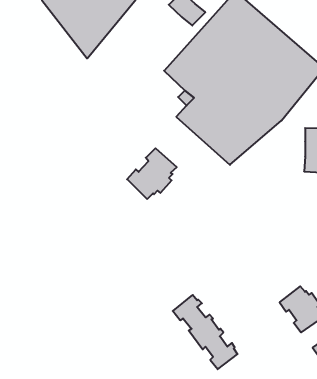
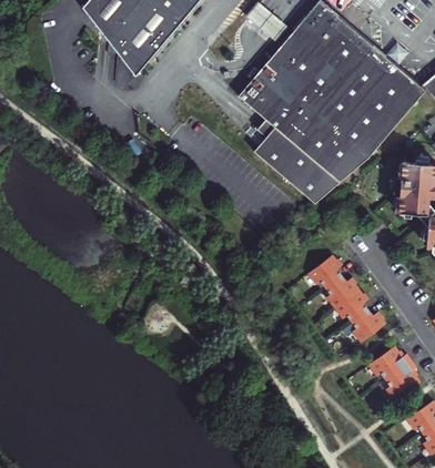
building: [127,148,177,199] -> none
building: [173,295,238,369] -> [308,255,385,343]

